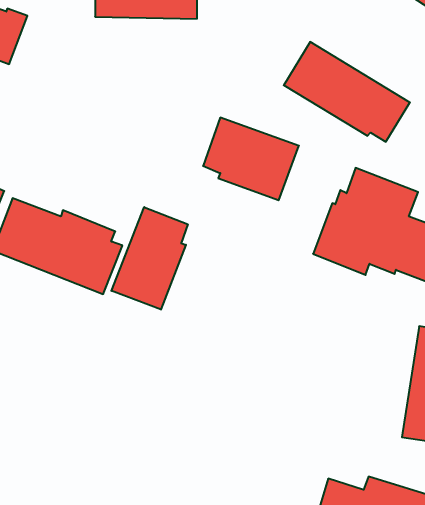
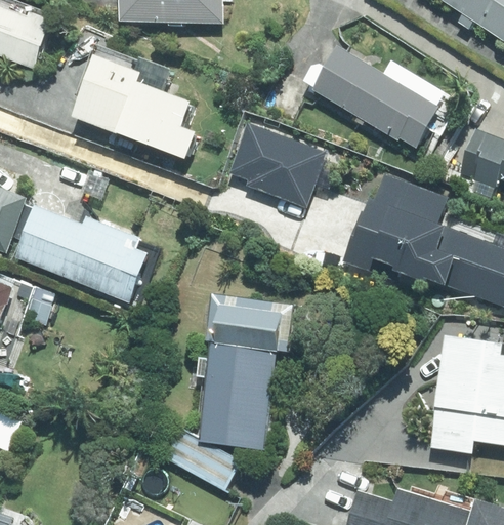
building: none -> [73,53,199,159]
building: [111,207,188,310] -> none
building: none -> [163,307,284,489]

